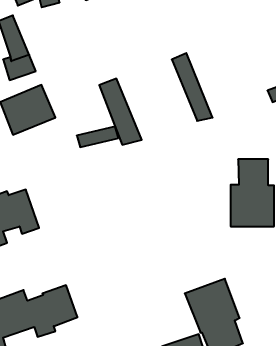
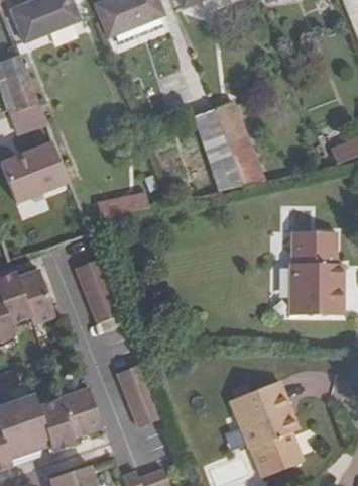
building: [99,79,142,145] -> [194,109,246,191]
building: none -> [77,259,123,322]
building: none -> [117,364,163,427]

